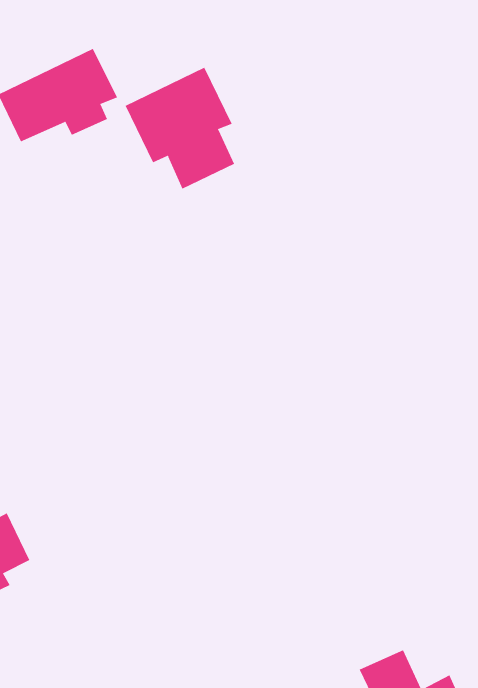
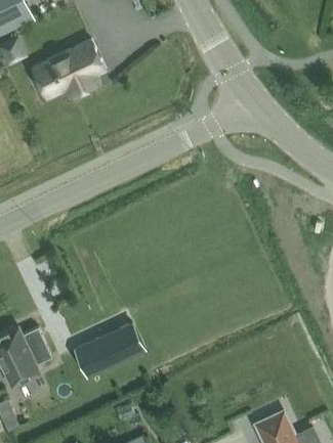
building: [125,67,235,190] -> none
building: none -> [75,323,143,376]

